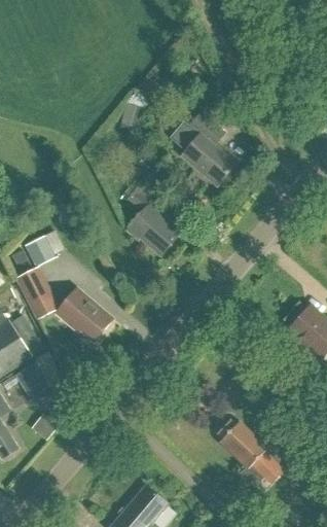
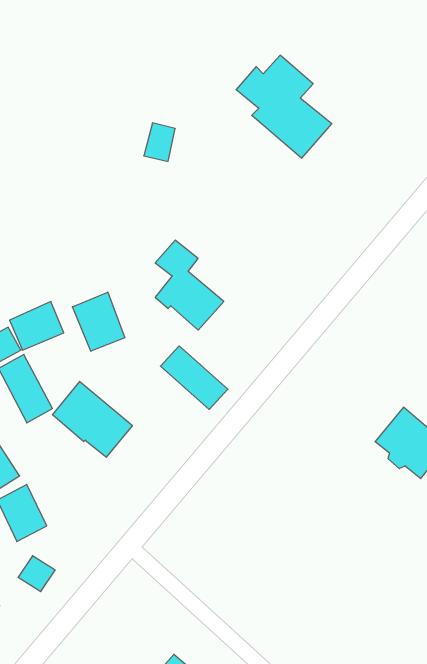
building: [171,113,240,187] -> [236,55,332,158]
building: none -> [72,292,125,351]
building: none -> [160,346,228,409]
building: [216,420,286,486] -> none

